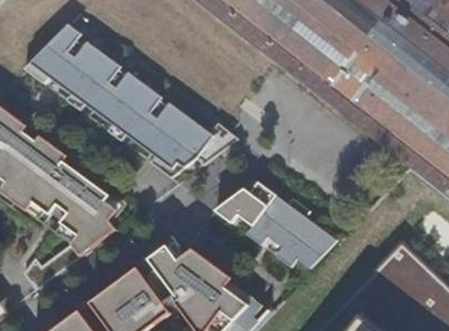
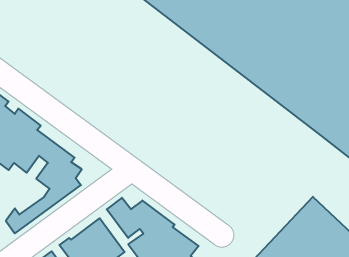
building: [24,24,238,178] -> none
building: [215,180,342,268] -> none

